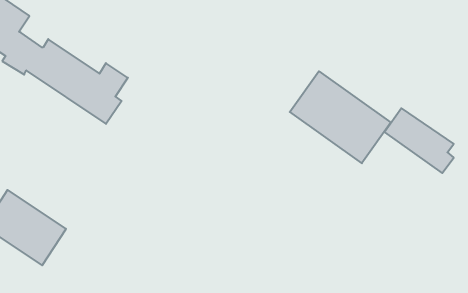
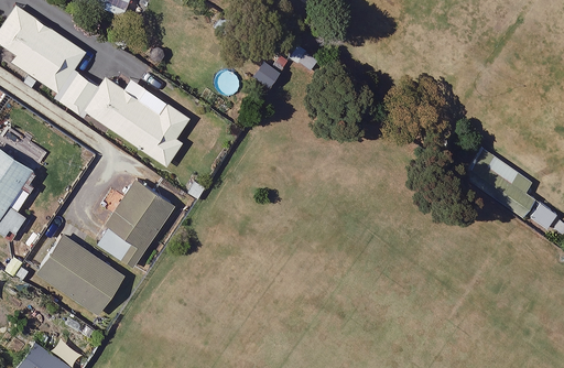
building: [290,71,391,163] -> none
building: none -> [97,183,173,268]

